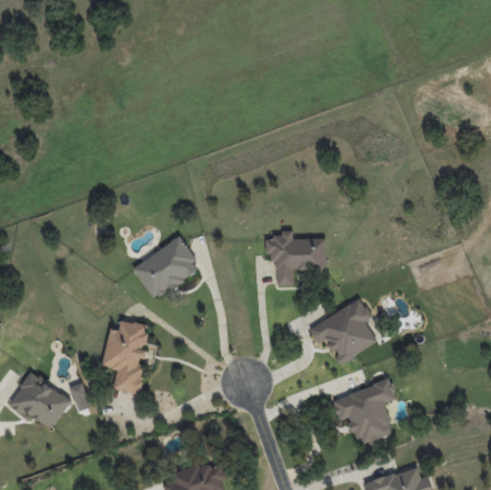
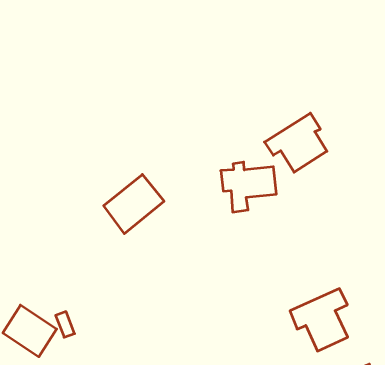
building: [308,299,377,364] -> [264,113,327,172]
building: [102,320,148,394] -> none

